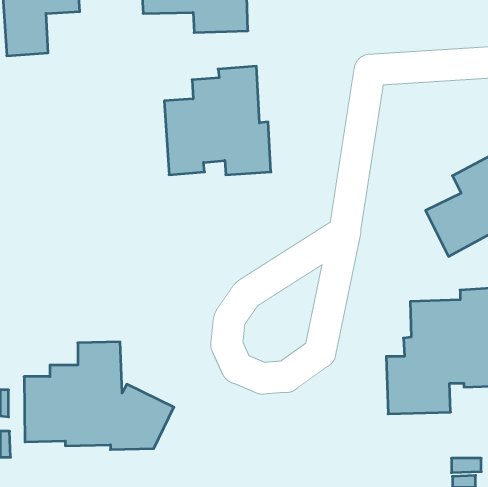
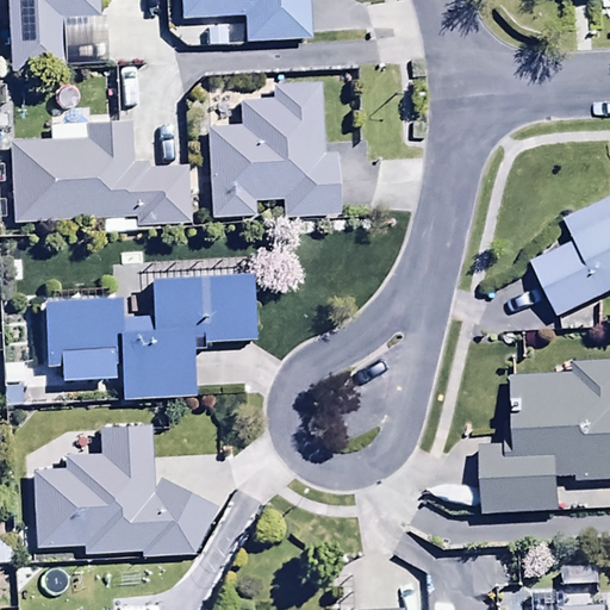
building: none -> [13,106,192,229]
building: none -> [44,272,255,399]

